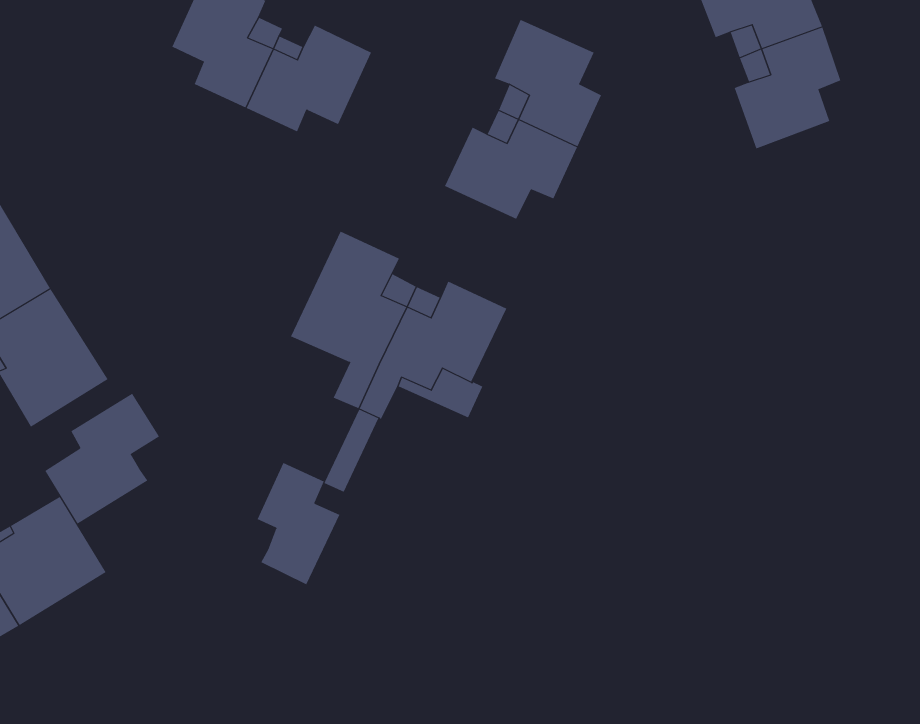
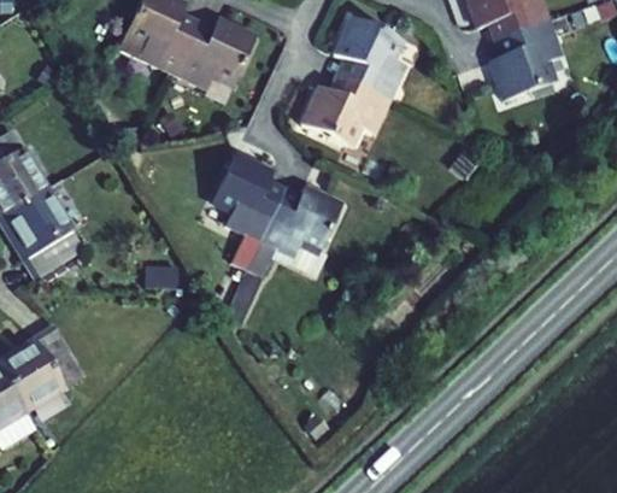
building: [44,393,160,525] -> none
building: [257,462,340,585] -> none

